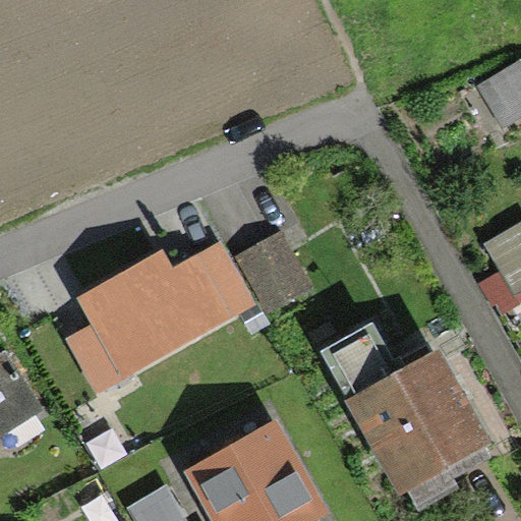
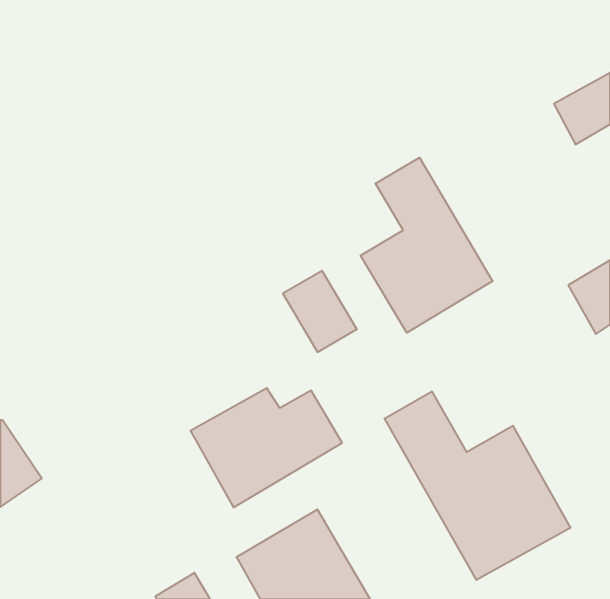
building: none -> [361,158,493,333]
building: [91,265,220,366] -> [190,388,342,507]

